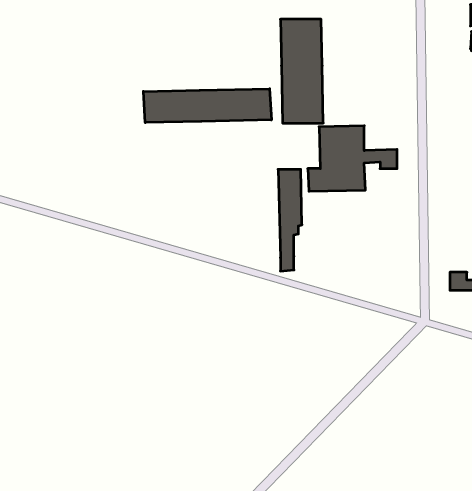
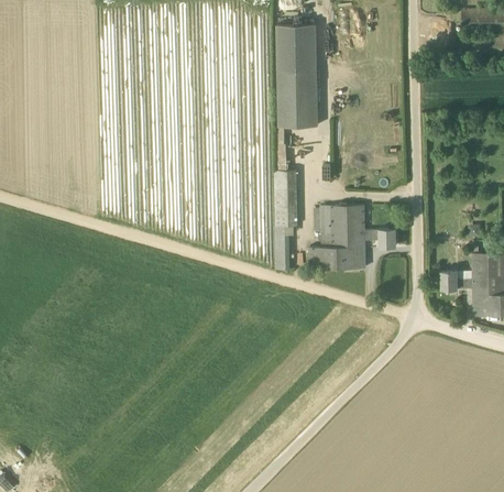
building: [143,89,271,123] -> none
building: [308,126,397,191] -> [309,206,396,270]

